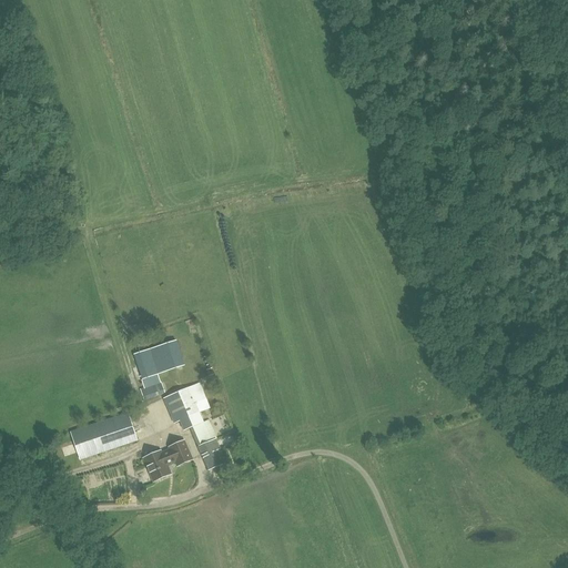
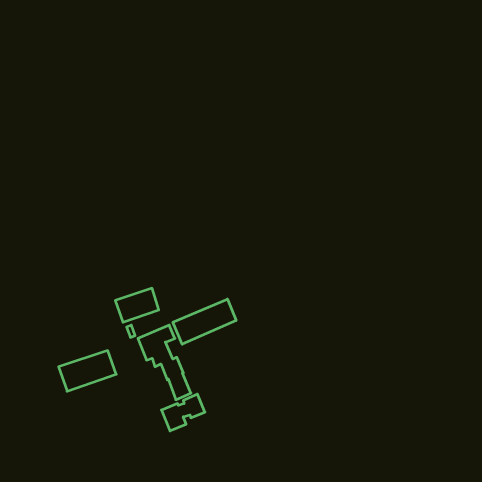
building: none -> [173,299,236,344]
building: [141,438,192,481] -> [161,394,205,431]

